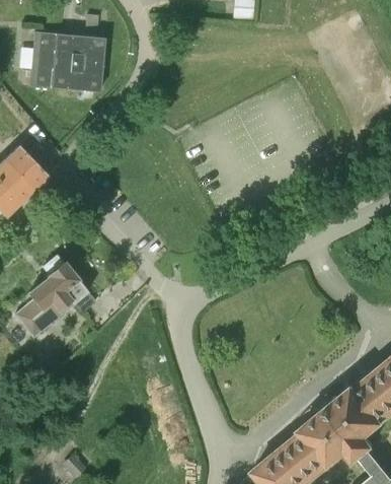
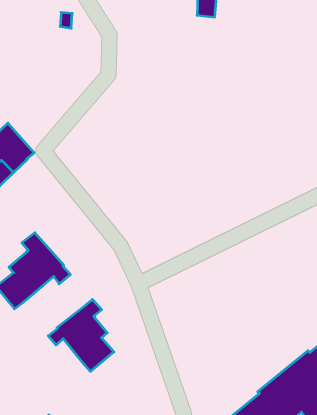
building: [30,32,104,92] -> none
building: none -> [48,299,114,371]

